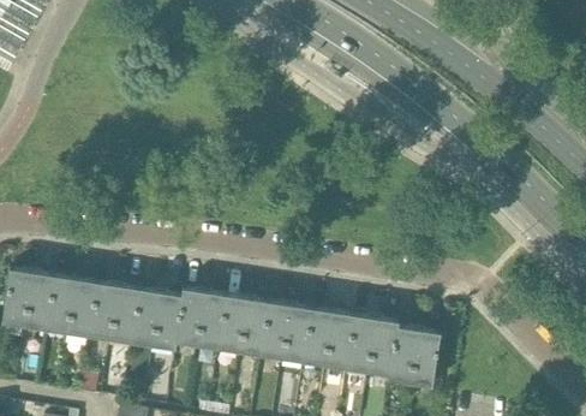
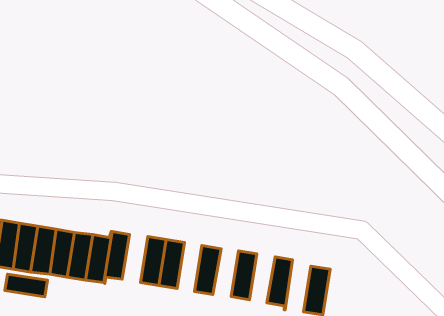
building: [196,292,226,349] -> none
building: [261,302,289,359] -> none
building: [303,309,333,366] -> none
building: [346,315,376,373] -> none
building: [388,322,418,384] -> none
building: none -> [5,274,47,297]

